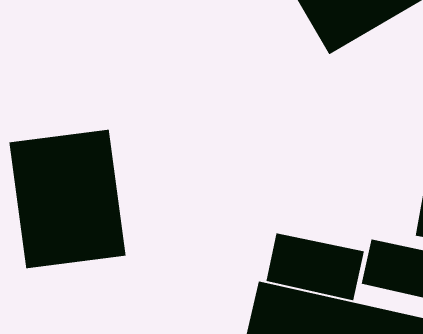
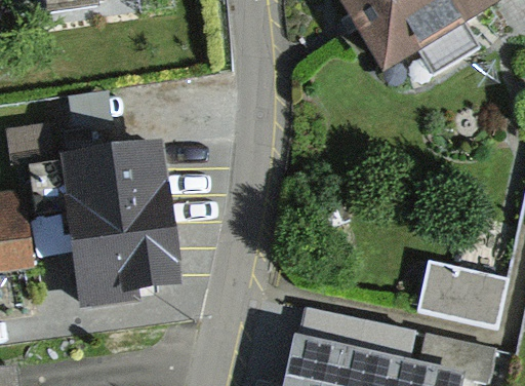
building: [266,232,364,301] -> none

